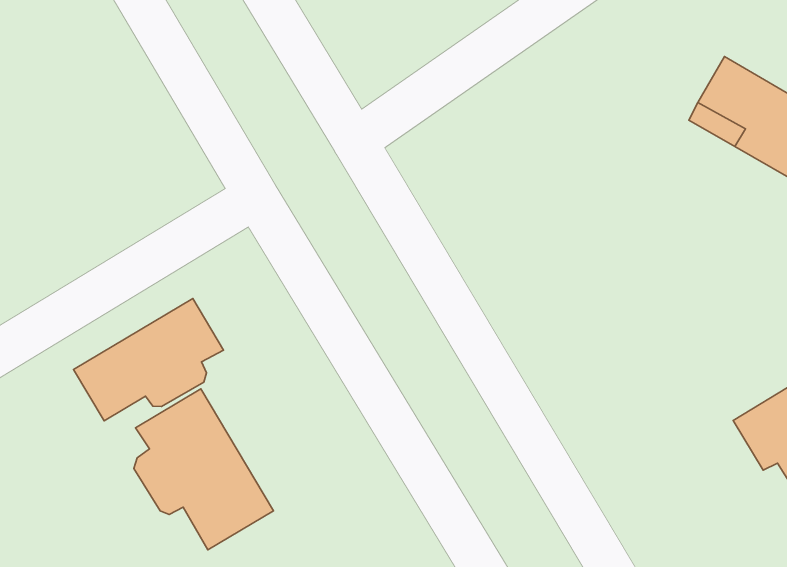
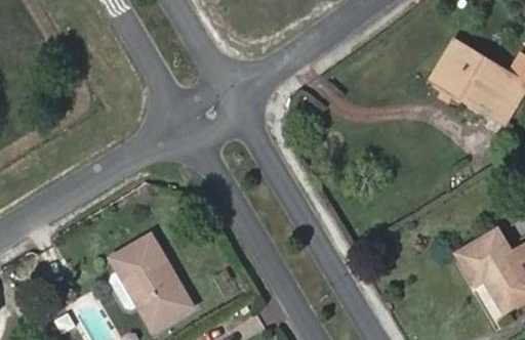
building: [74,299,224,421] -> none

